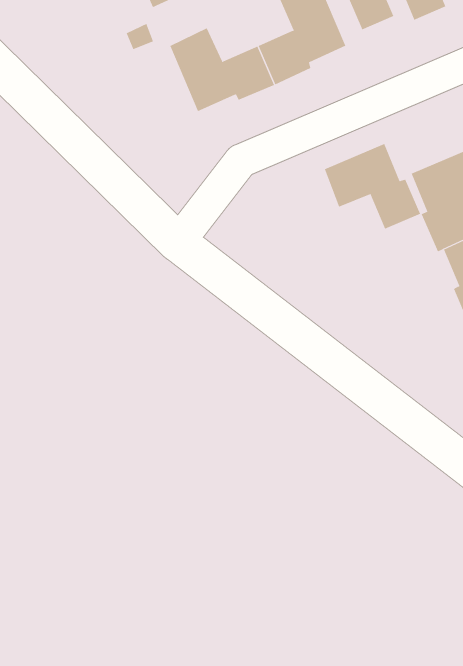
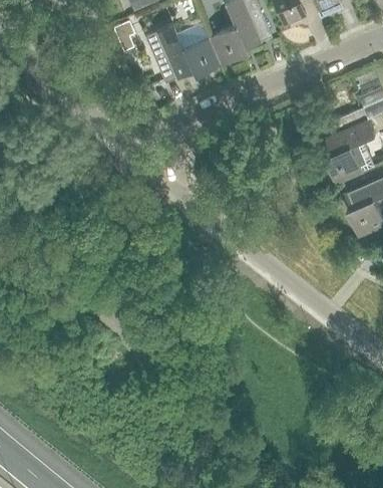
building: [324,143,421,230] -> none

